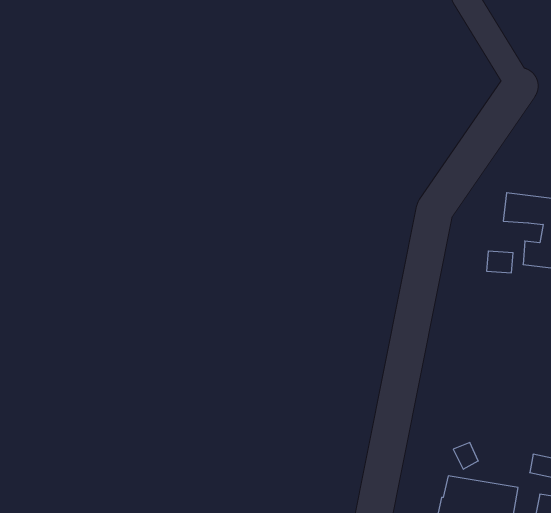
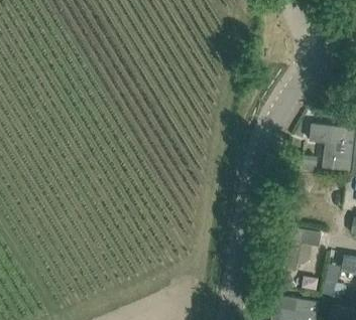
building: none -> [284,226,322,271]

